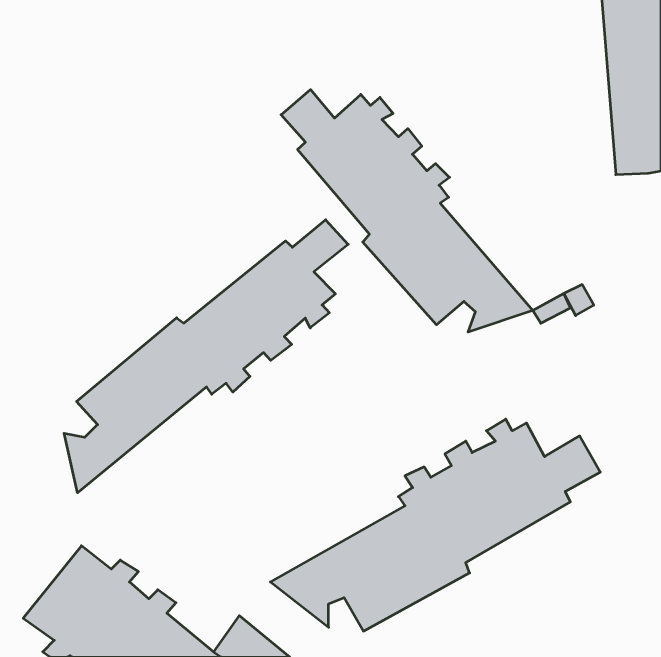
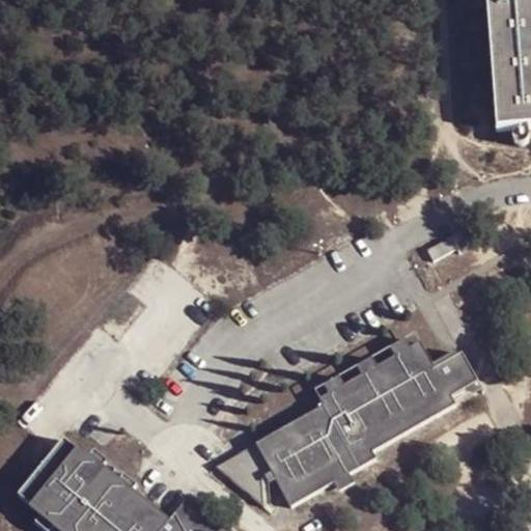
building: [281,90,533,332] -> none
building: [64,220,348,493] -> none

